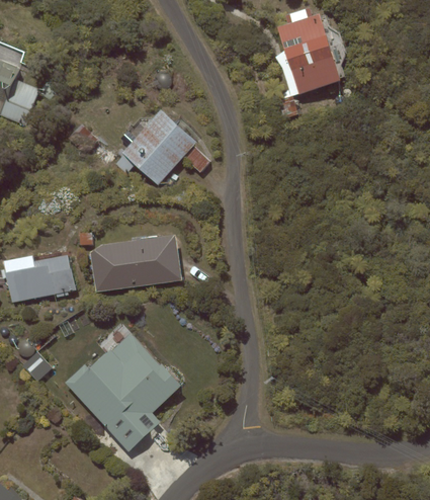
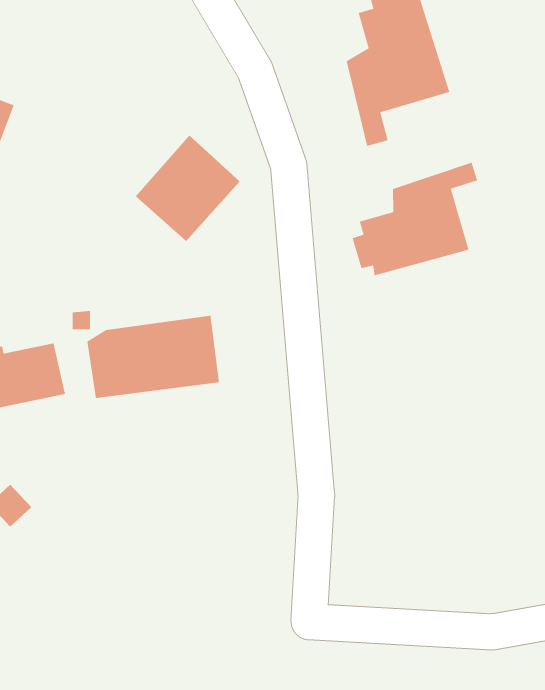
building: none -> [352,162,478,276]
building: [65,331,181,451] -> none

